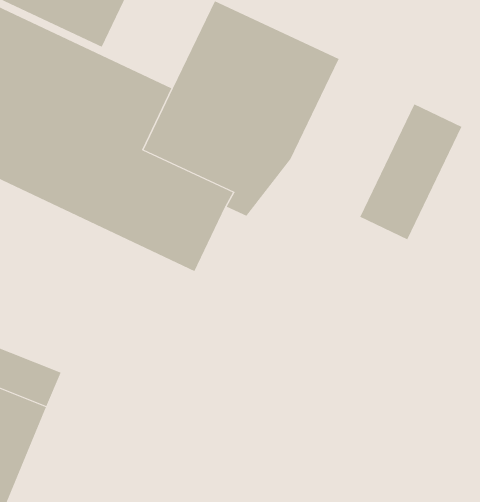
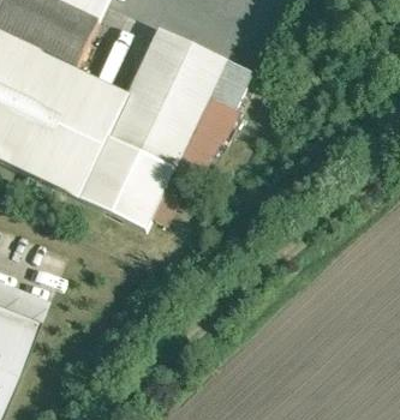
building: [360,104,462,240] -> none

